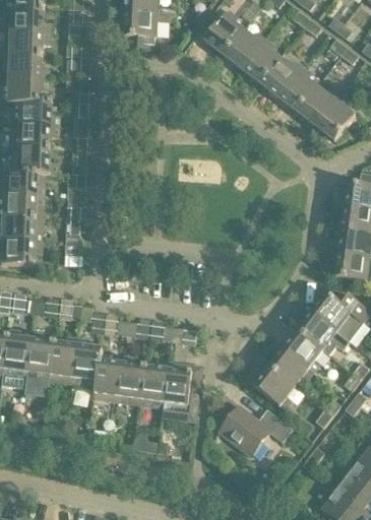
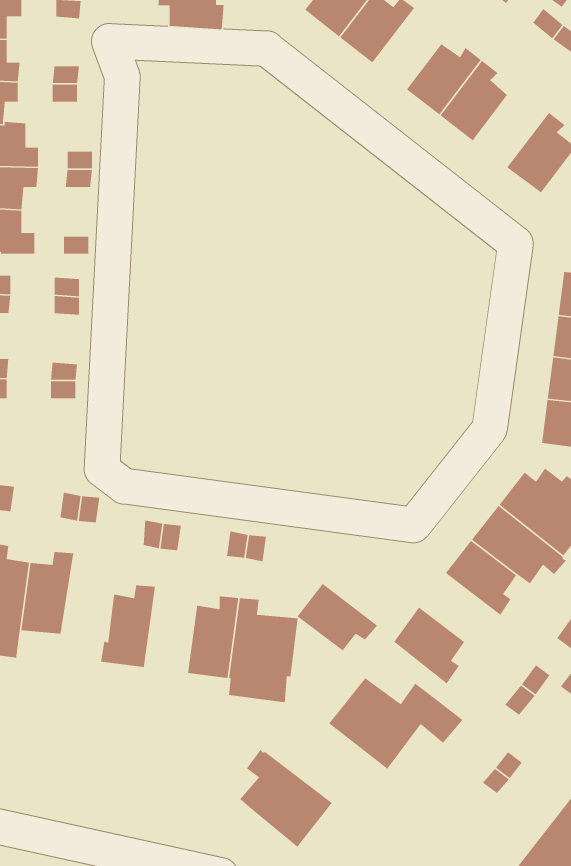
building: [242,39,280,83] -> none
building: [297,86,338,126] -> none
building: [71,337,102,386] -> none
building: [267,348,312,386] -> [297,583,378,652]
building: [117,355,145,403] -> none
building: none -> [239,748,333,848]

